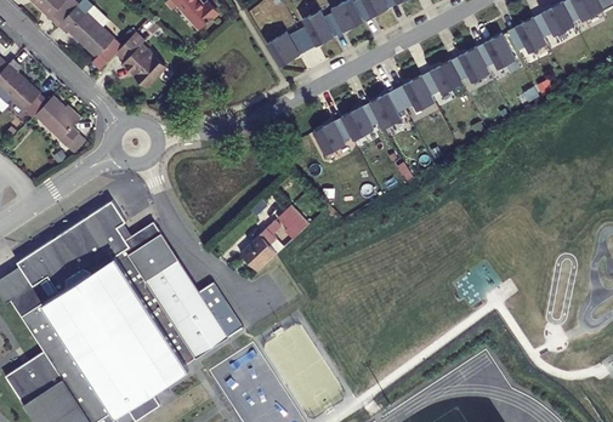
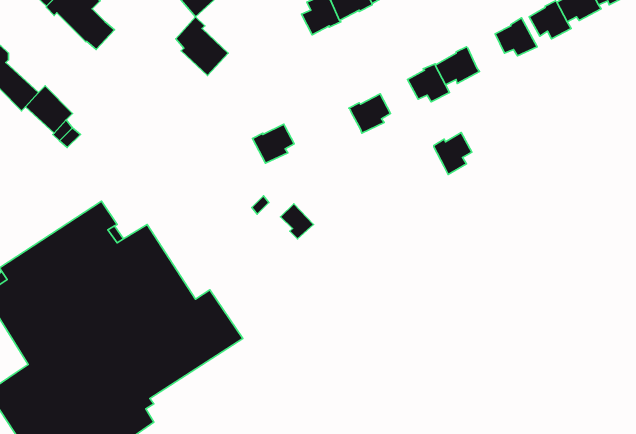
building: [118,29,166,84] -> [176,17,228,76]
building: [266,29,306,65] -> none
building: [450,46,488,81] -> none
building: [369,90,404,129] -> [434,133,472,174]
building: [312,118,351,154] -> [252,124,294,163]
building: [239,219,284,270] -> none

